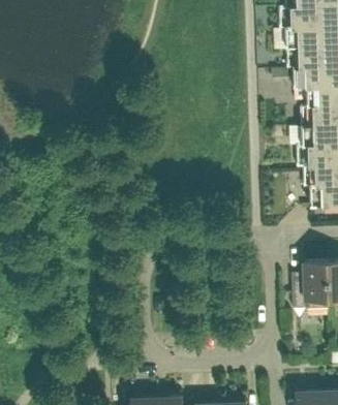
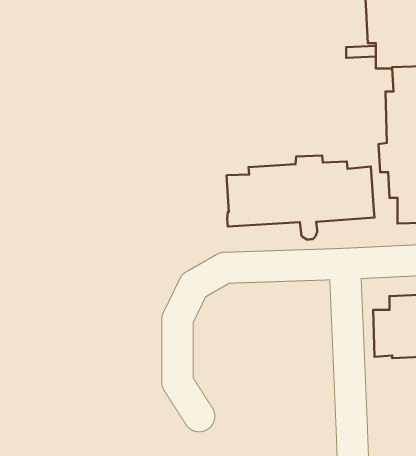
building: none -> [227,155,375,240]

